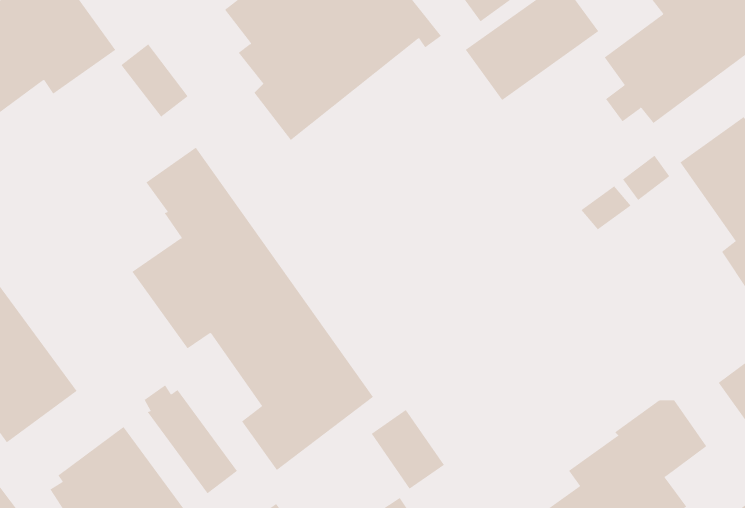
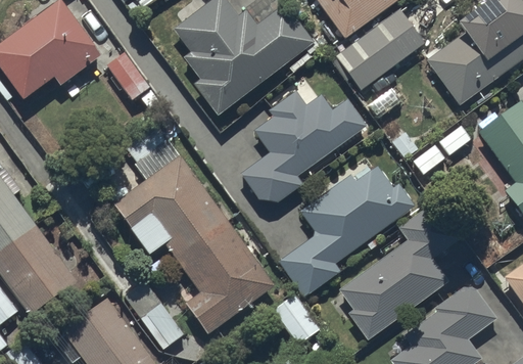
building: none -> [239,79,366,203]
building: none -> [278,166,414,299]
building: none -> [338,204,457,340]

